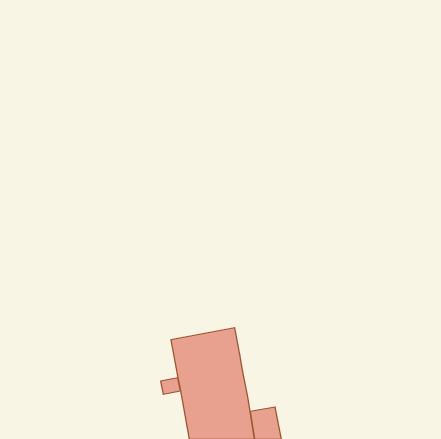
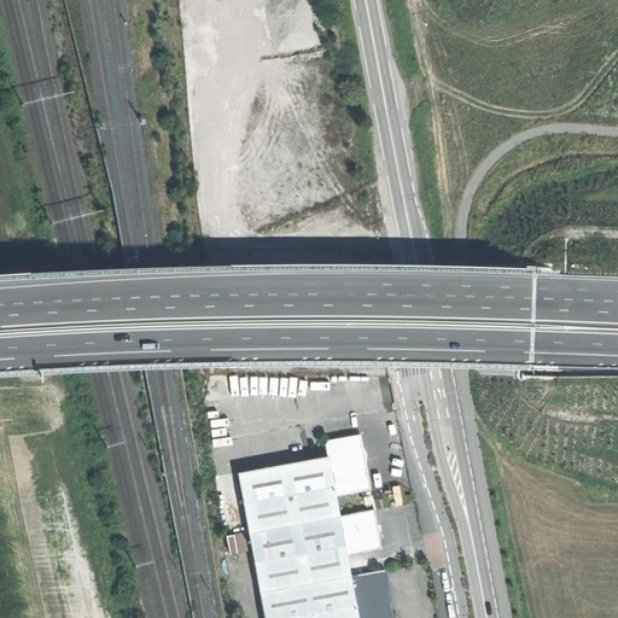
building: none -> [325,436,371,496]
building: none -> [339,511,384,555]

